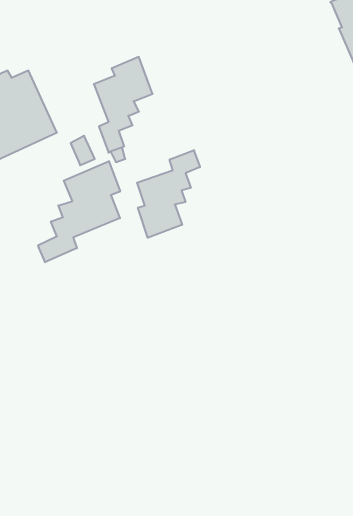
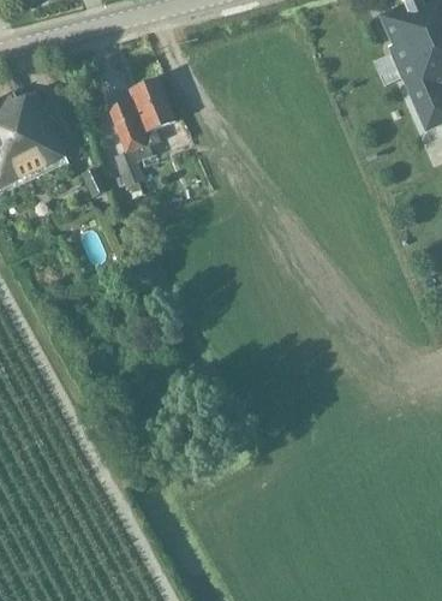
building: [137,150,200,238] -> none
building: [38,161,120,262] -> none

